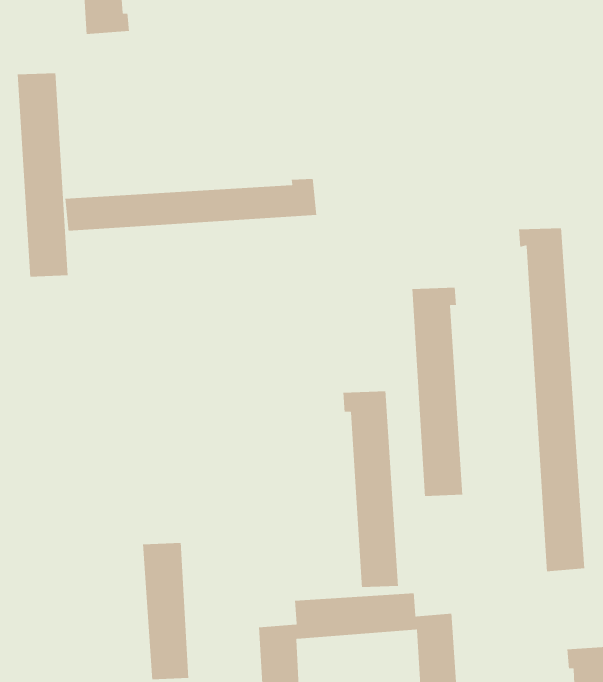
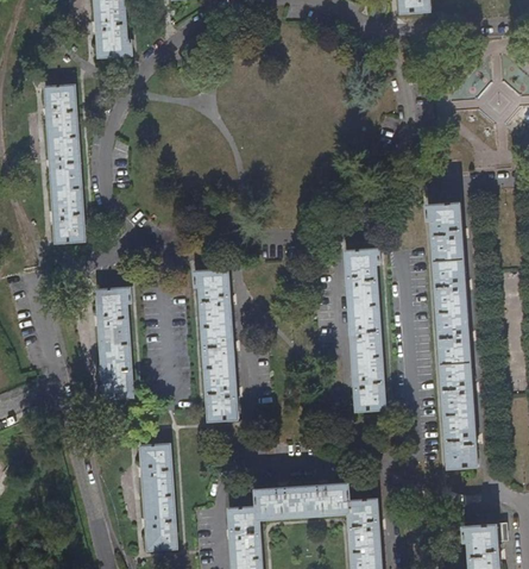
building: [65,178,317,232] -> none
building: none -> [96,288,132,398]
building: [342,391,399,588] -> [194,270,237,420]

